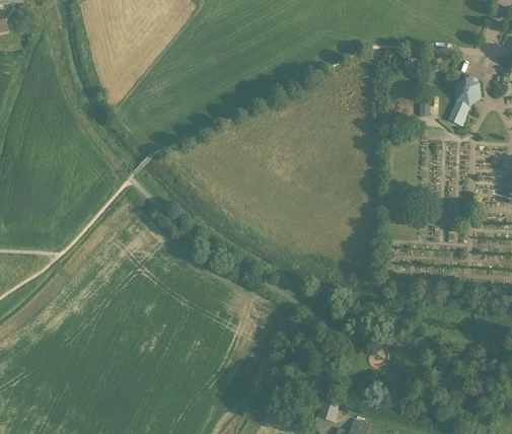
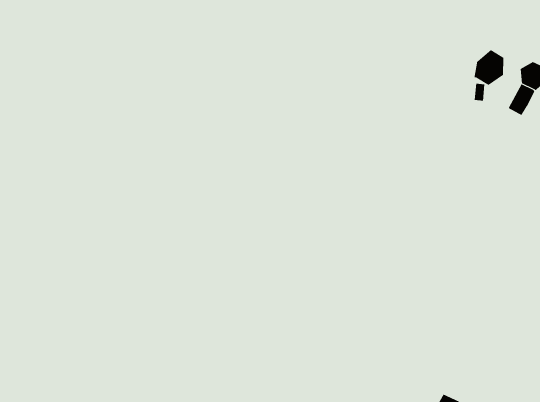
building: none -> [474,49,504,86]

